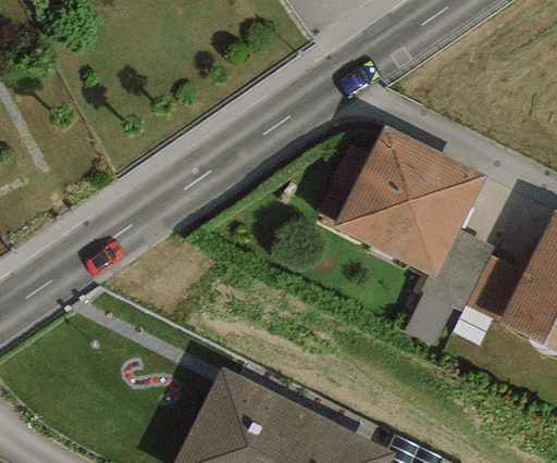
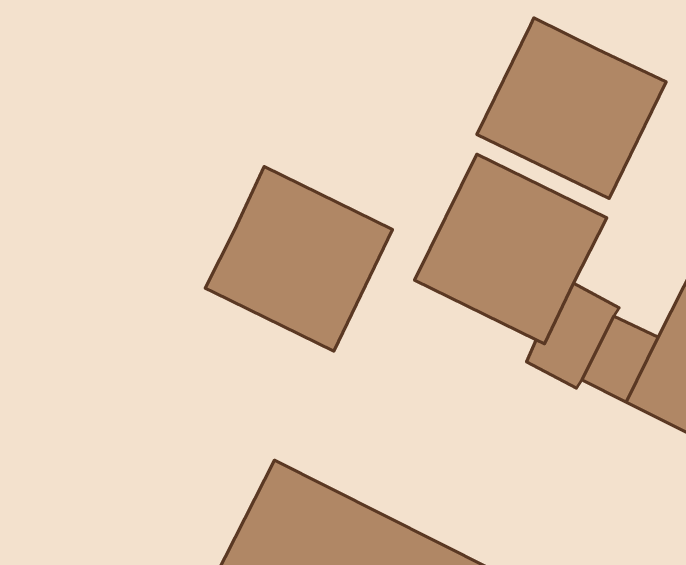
building: none -> [477,18,666,199]
building: none -> [205,167,393,351]

